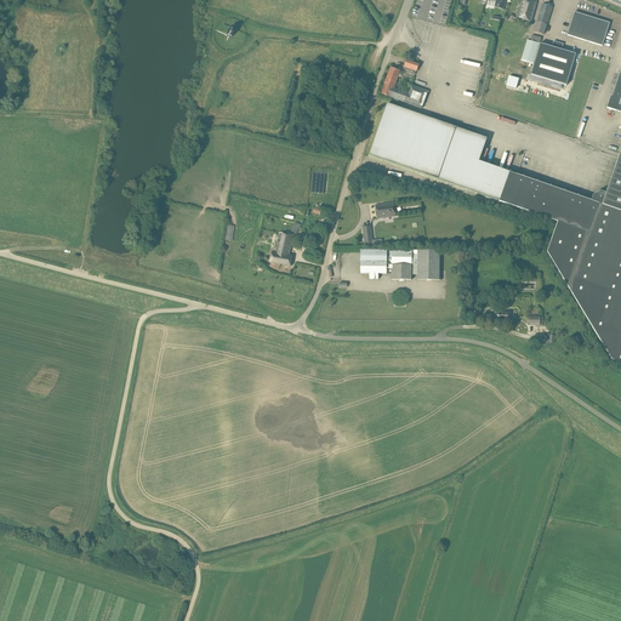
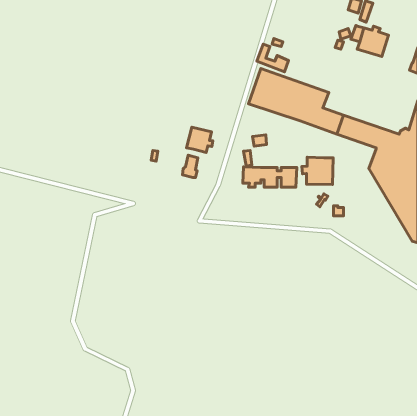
building: [569,10,611,44] -> none
building: none -> [187,127,213,153]
building: none -> [302,157,333,185]

